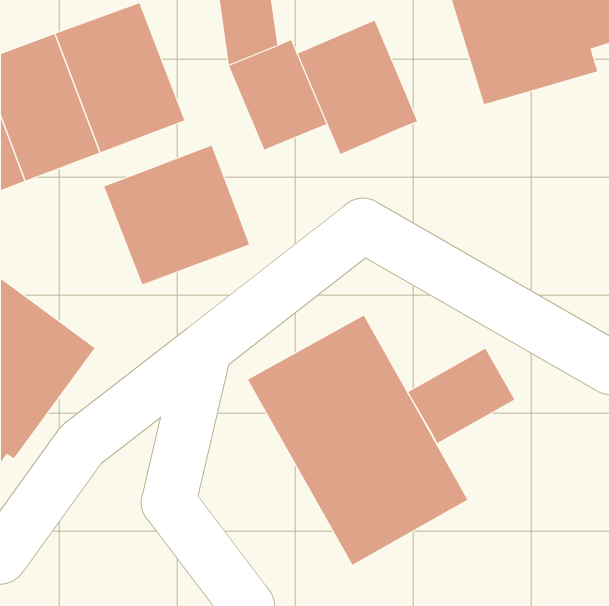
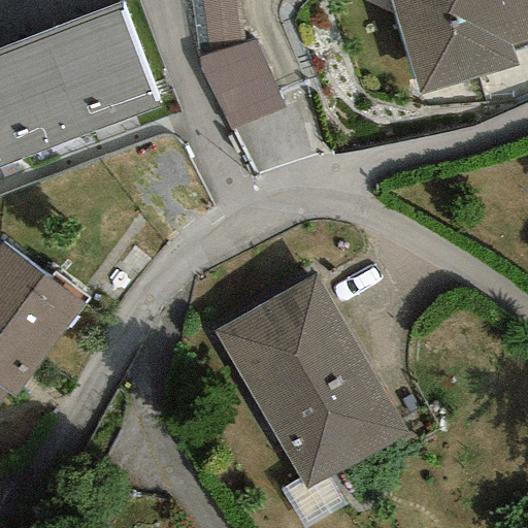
building: [297,20,418,155] -> none
building: [104,145,250,285] -> none
building: [407,348,515,444] -> none

